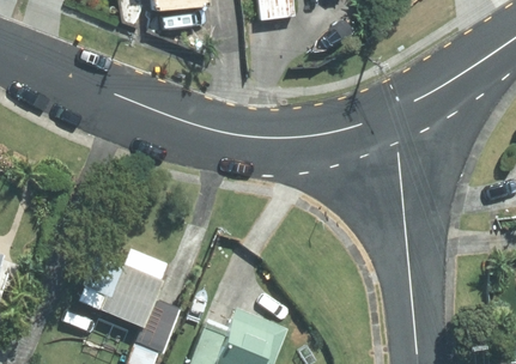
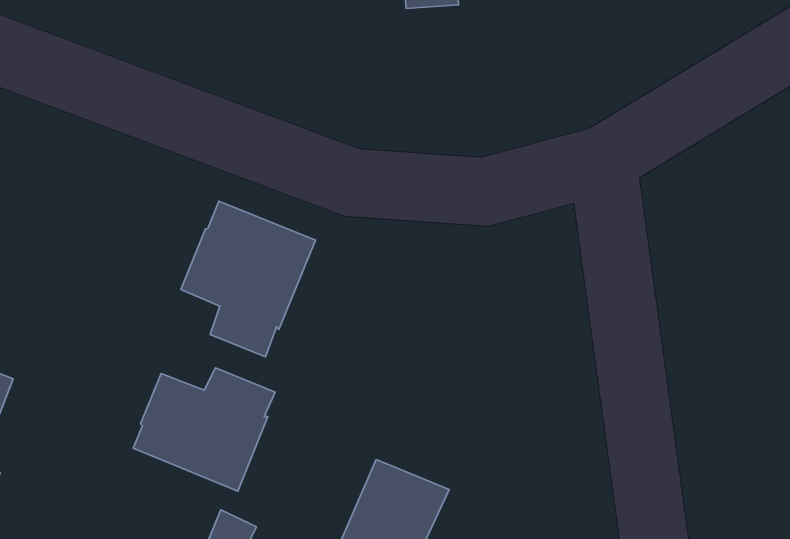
building: none -> [181,201,315,357]

